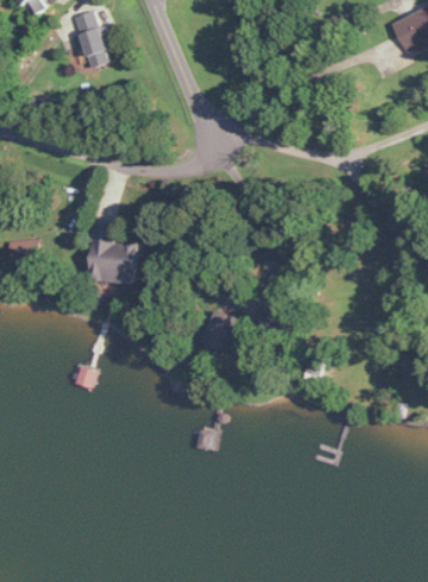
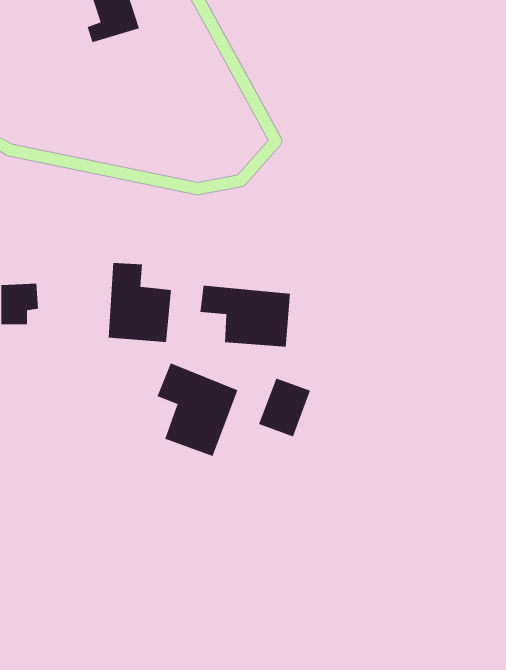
building: none -> [200,285,290,347]
building: none -> [157,362,238,457]

